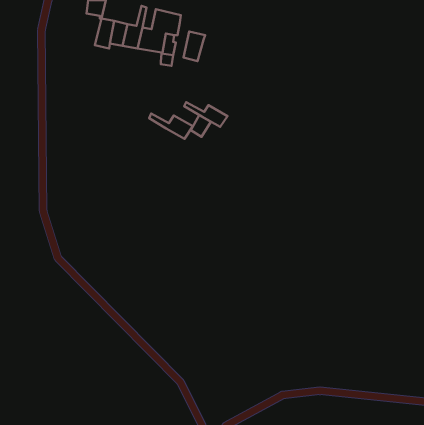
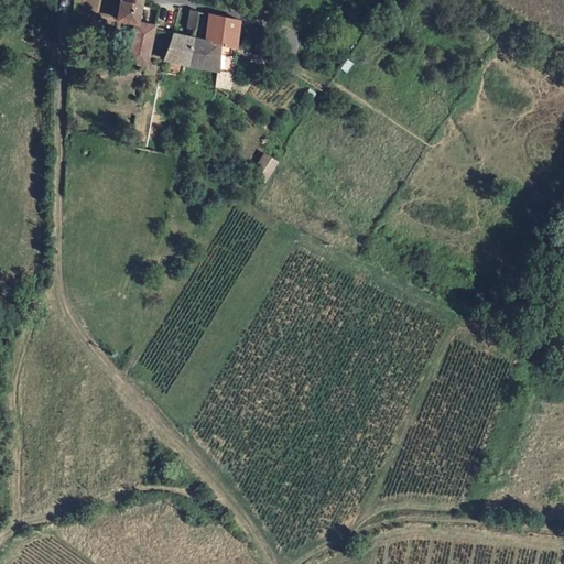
building: [184,31,205,61] -> none
building: [184,102,228,127] -> none
building: [149,113,193,139] -> none

